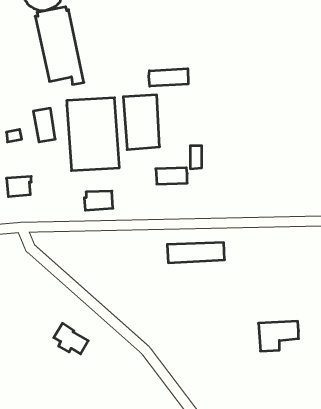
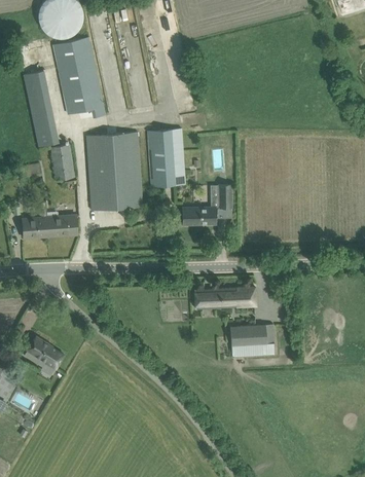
building: none -> [23,70,59,146]
building: [149,69,188,86] -> none
building: [84,191,113,210] -> [46,215,77,235]
building: [258,321,299,351] -> [230,324,273,356]
building: [54,323,88,354] -> [27,335,64,368]

